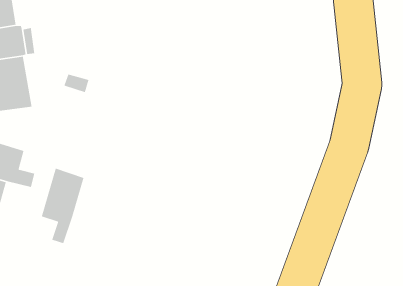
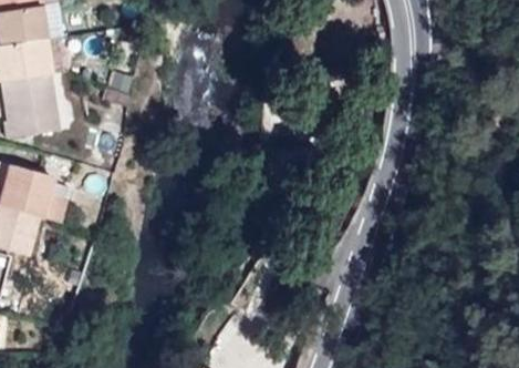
building: [41,167,85,244] -> none

